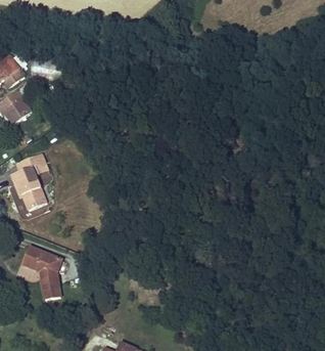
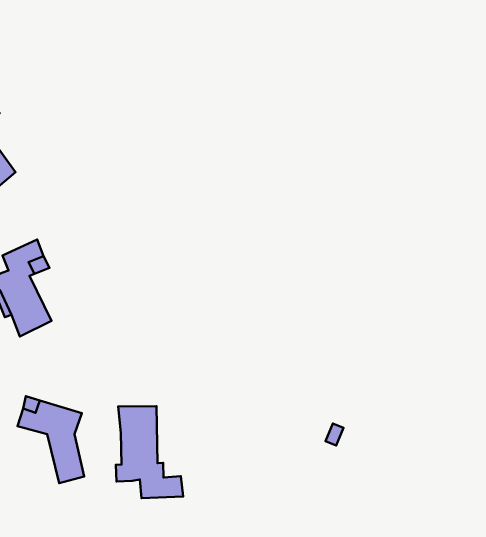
building: none -> [116,406,183,498]

